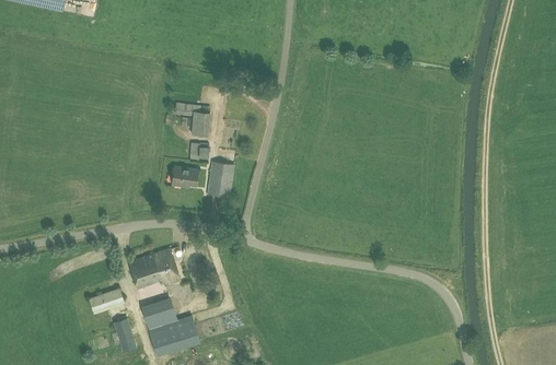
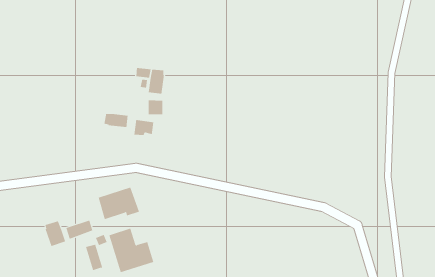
building: none -> [104,113,128,128]
building: [207,161,234,197] -> none
building: none -> [45,221,66,247]

